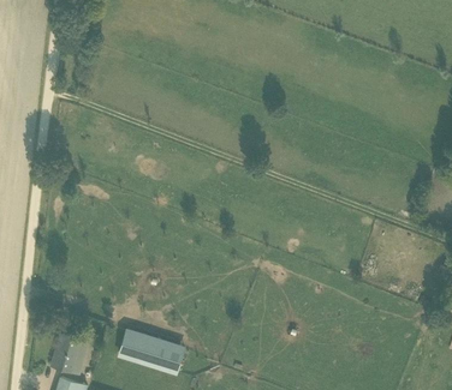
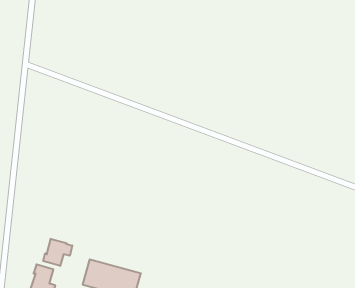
building: none -> [43,239,72,266]

